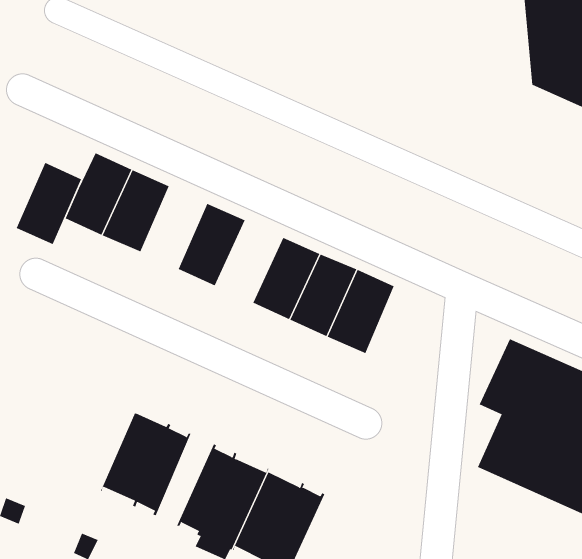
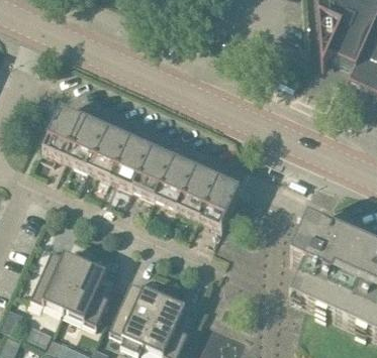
building: [16,162,82,245] -> [91,125,130,174]
building: none -> [135,145,176,195]
building: none -> [33,243,88,307]

